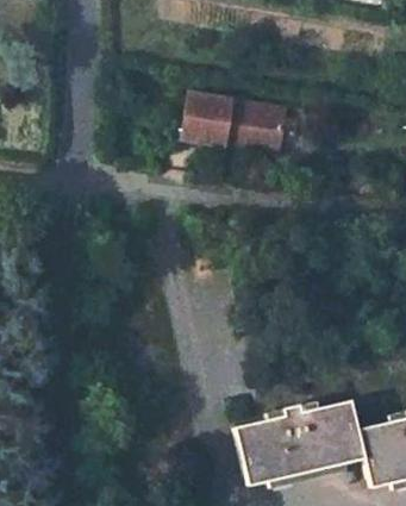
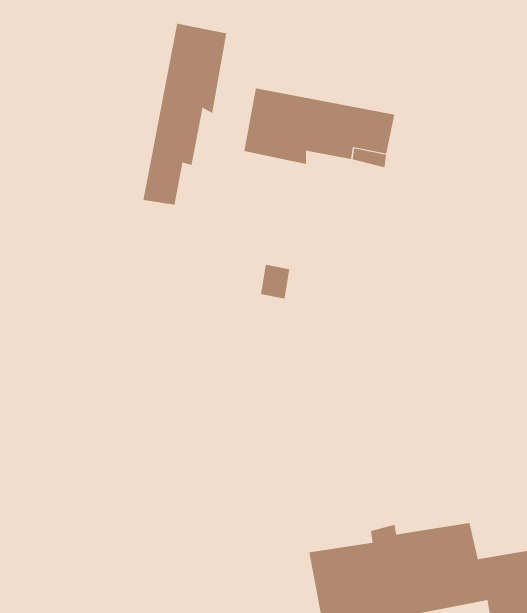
building: none -> [143,23,227,206]

